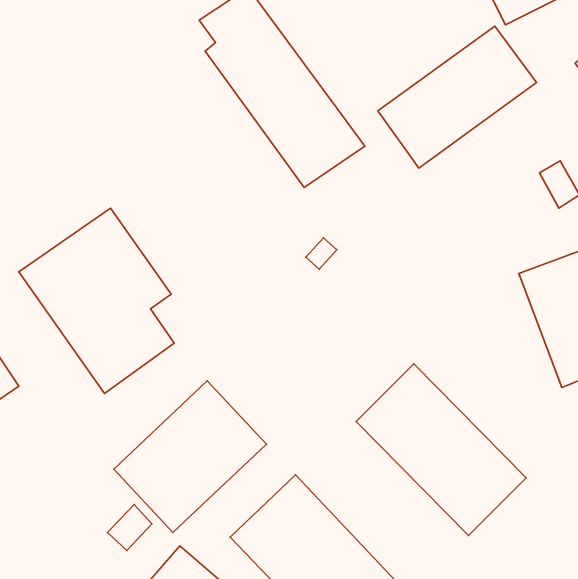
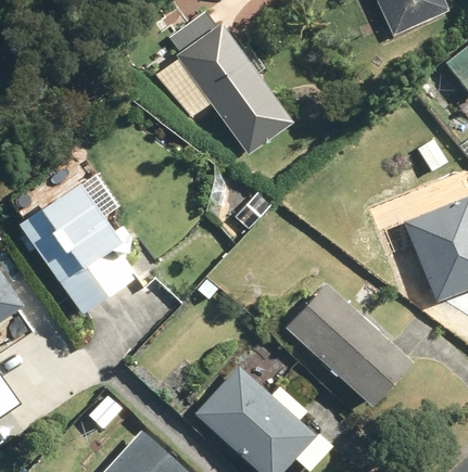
building: [378,26,537,168] -> none
building: [114,381,266,532] -> none

